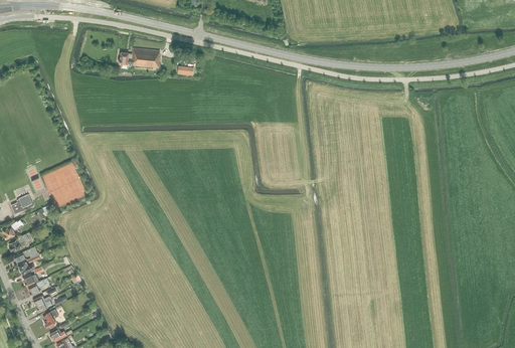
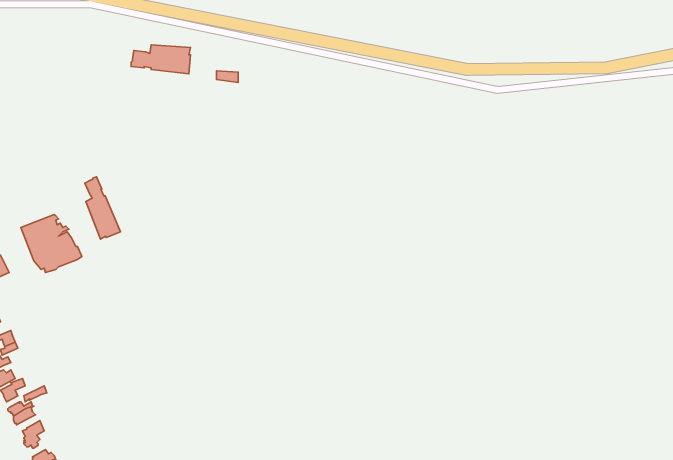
building: none -> [85,177,121,239]

